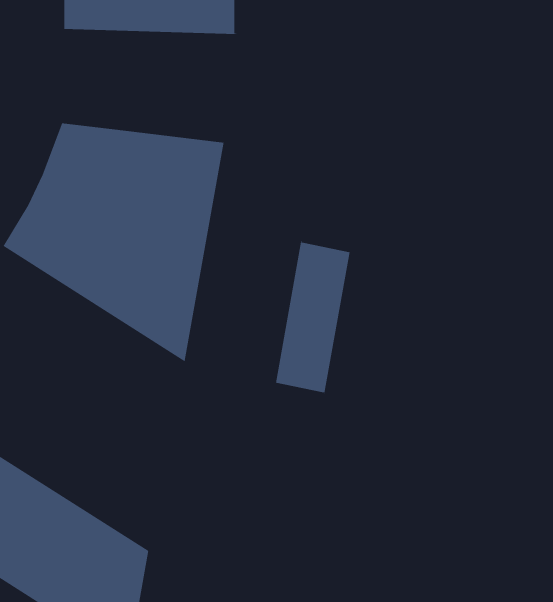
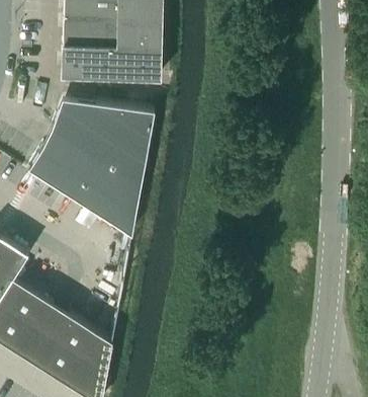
building: none -> [61,49,161,80]
building: [275,240,351,395] -> none

